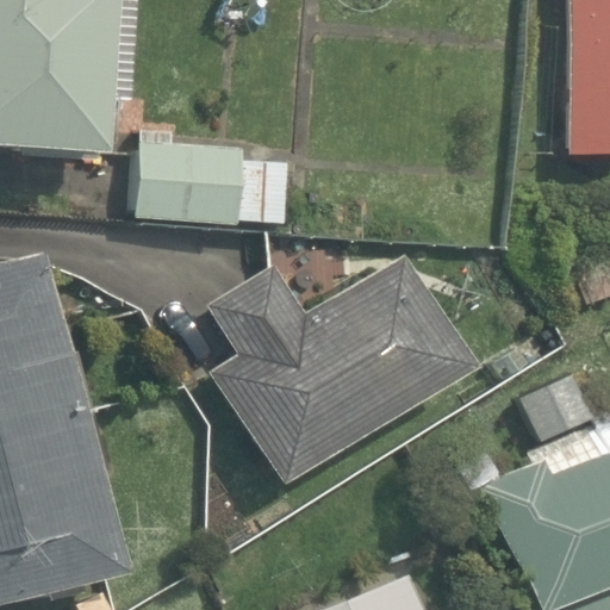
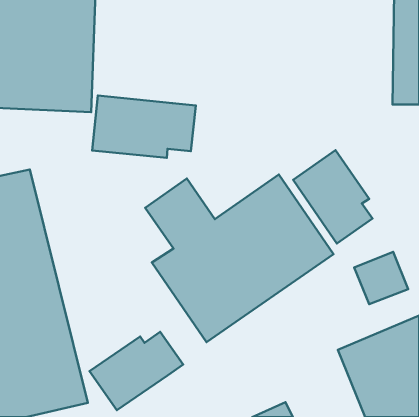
building: none -> [293,150,372,243]
building: none -> [90,332,183,410]

